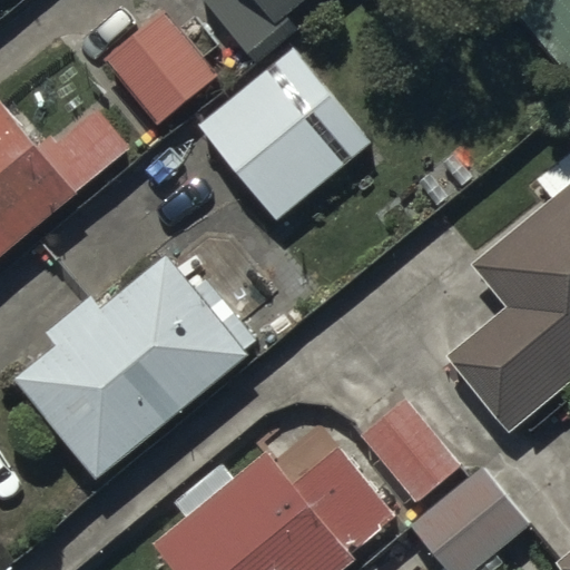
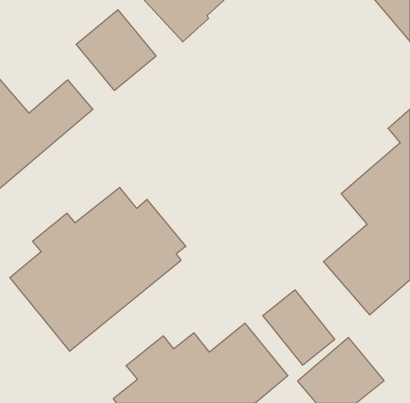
building: [202,38,373,208] -> none

